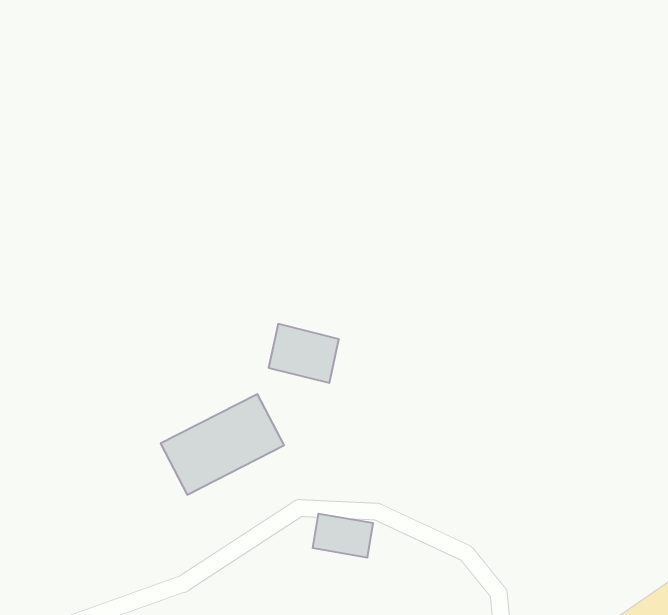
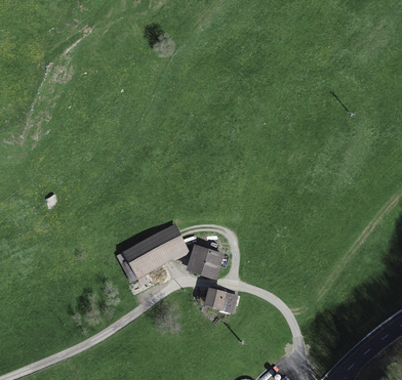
building: [269,324,339,383] -> [187,247,225,279]

